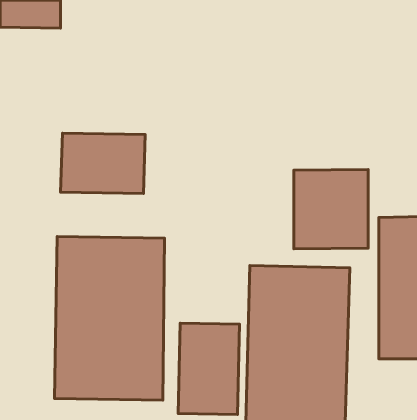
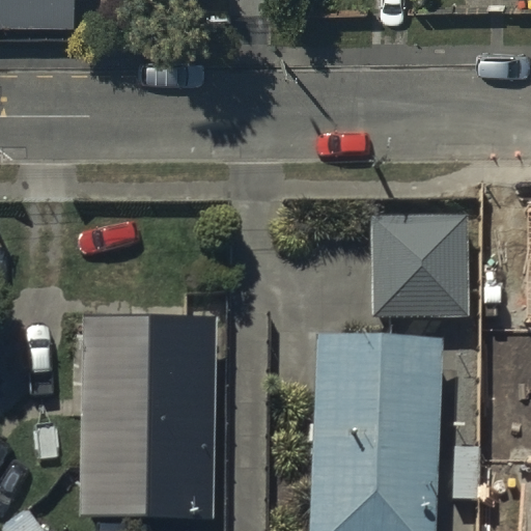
building: [61,133,145,193] -> none
building: [178,323,240,414] -> none

